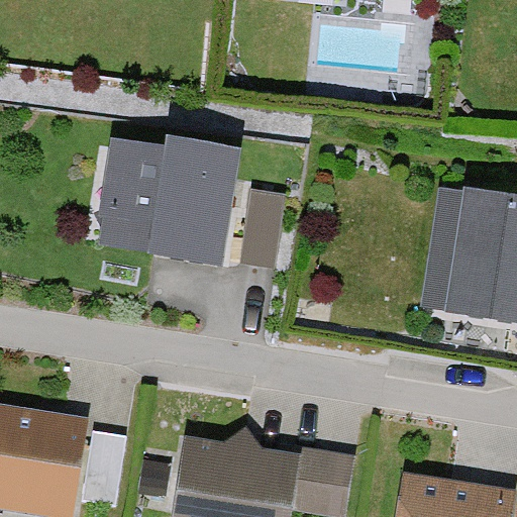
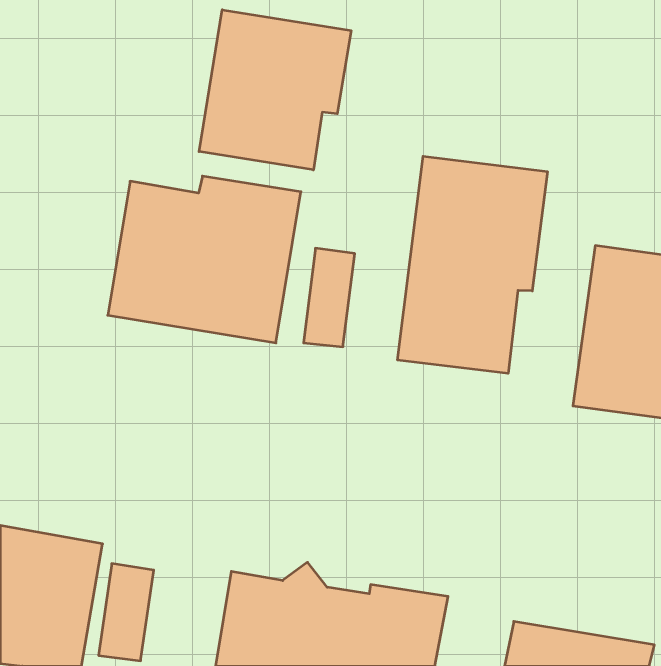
building: none -> [199,10,351,170]
building: none -> [398,156,547,373]

